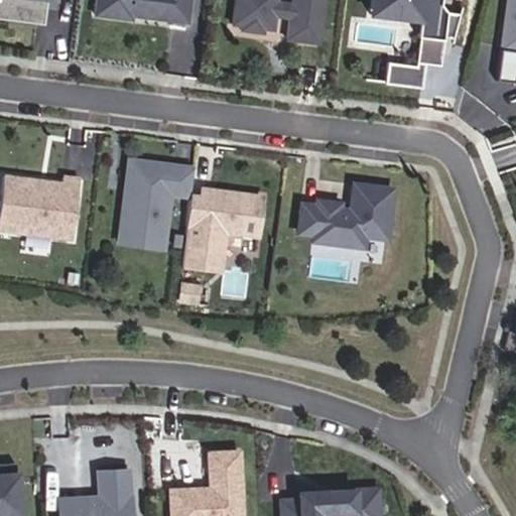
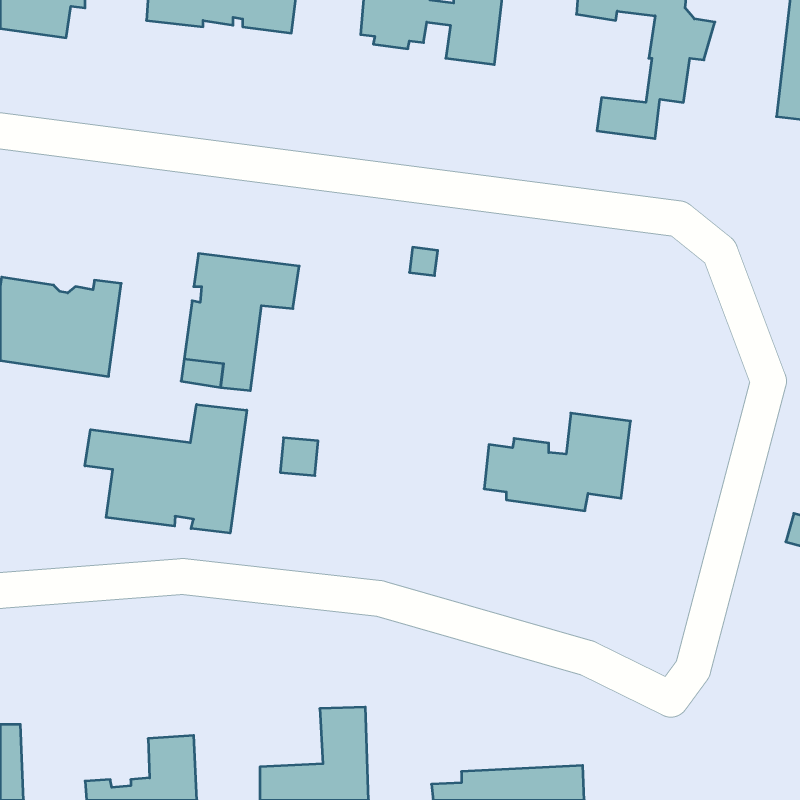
building: [298,186,392,249] -> [484,413,631,511]
building: [181,191,262,271] -> none
building: none -> [85,404,247,533]

